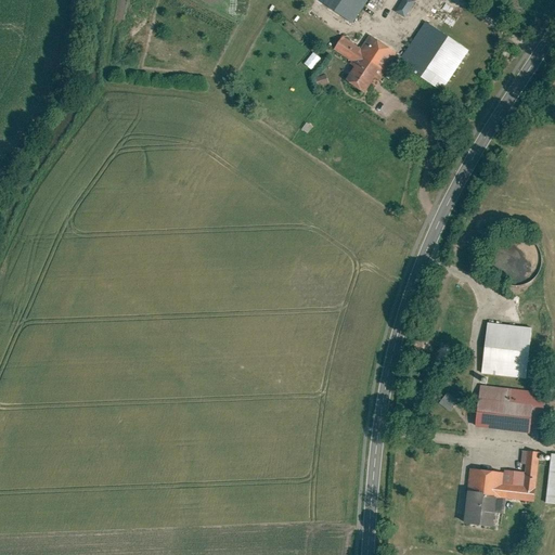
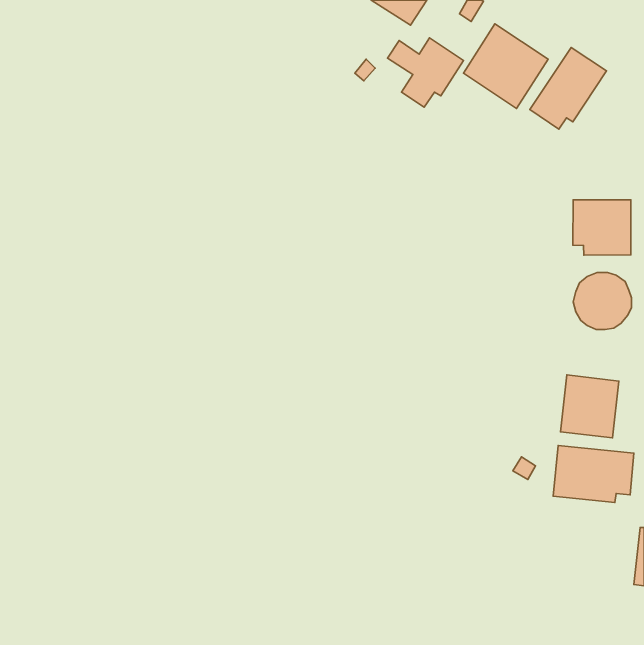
building: none -> [530,47,606,129]
building: none -> [573,200,631,255]
building: [462,449,541,526] -> none

